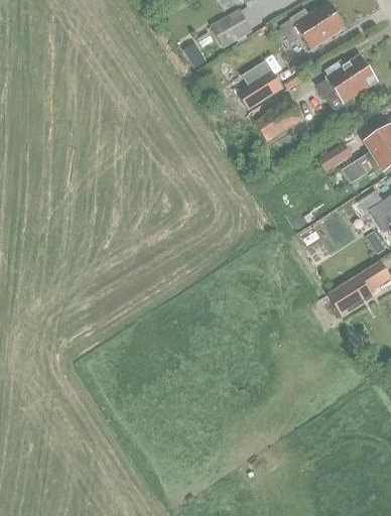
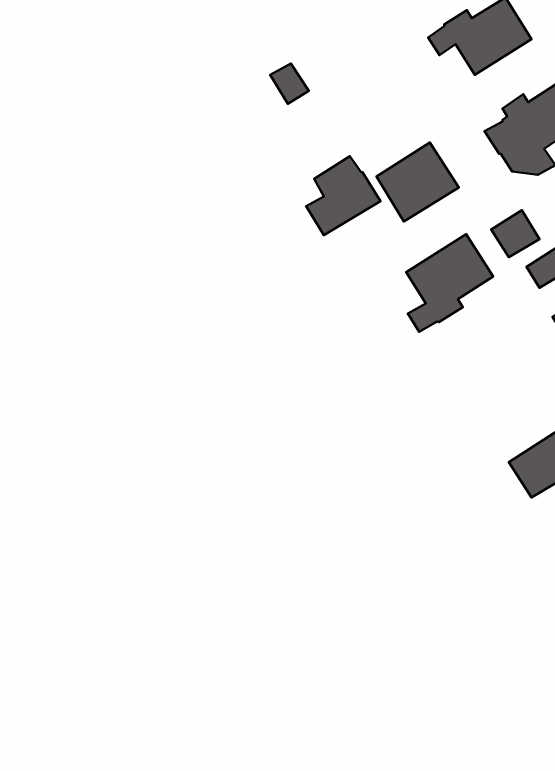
building: [212,7,253,45] -> none
building: [237,59,283,109] -> [306,156,380,235]
building: none -> [406,234,493,332]

